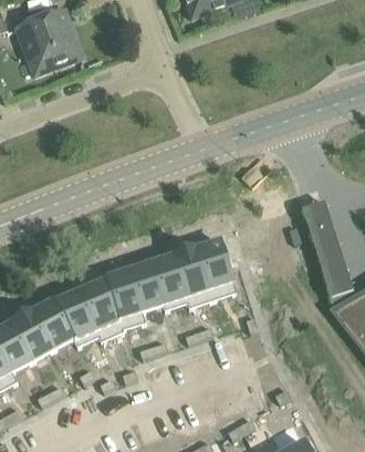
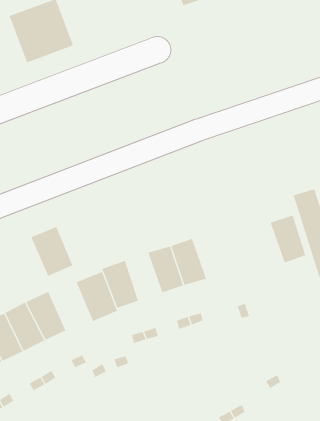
building: [201,242,238,290] -> [270,215,306,263]
building: [134,264,170,312] -> none
building: [58,294,101,345] -> [30,226,73,277]

